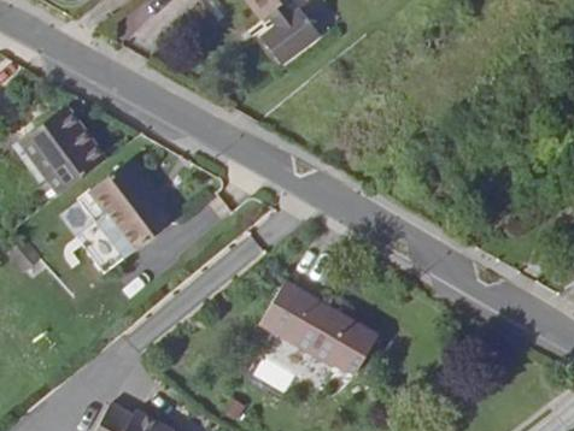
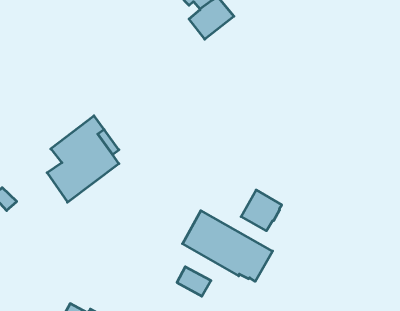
building: [24,108,113,193] -> none
building: none -> [241,190,282,231]

